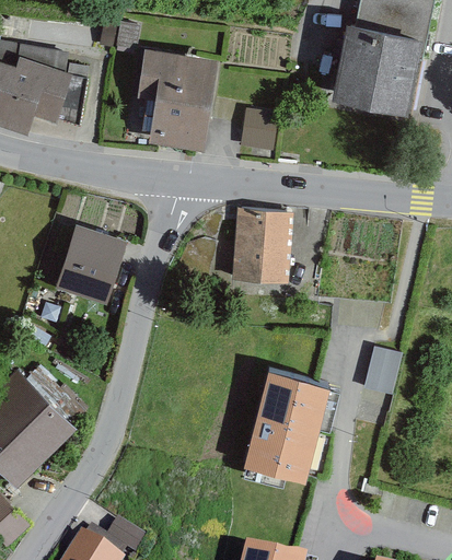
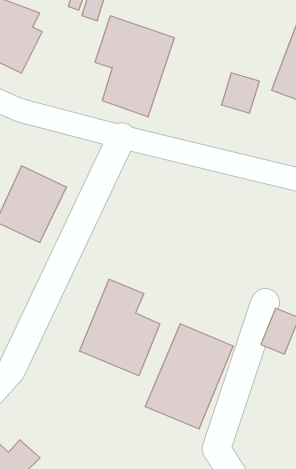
building: [237,108,275,149] -> [221,73,259,113]
building: [232,211,289,283] -> none
building: none -> [80,279,160,376]

